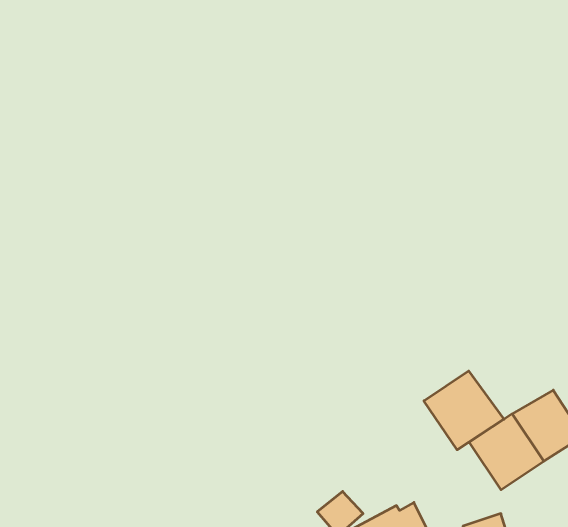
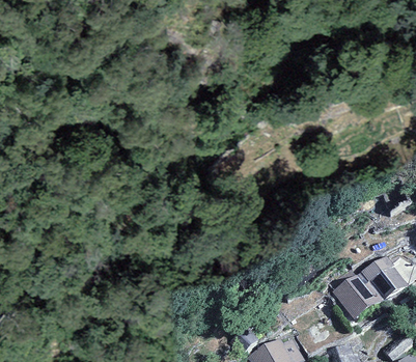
building: [424,371,504,450] -> none

